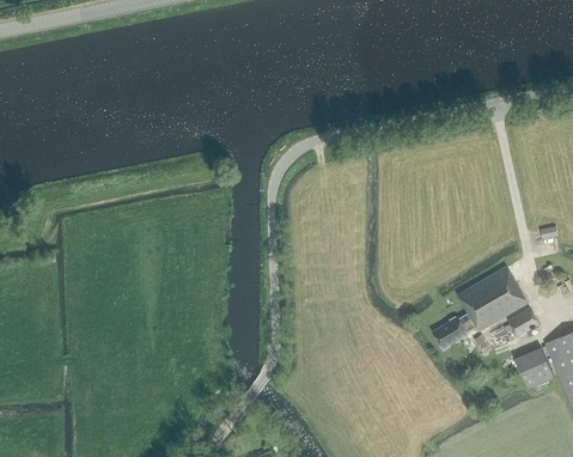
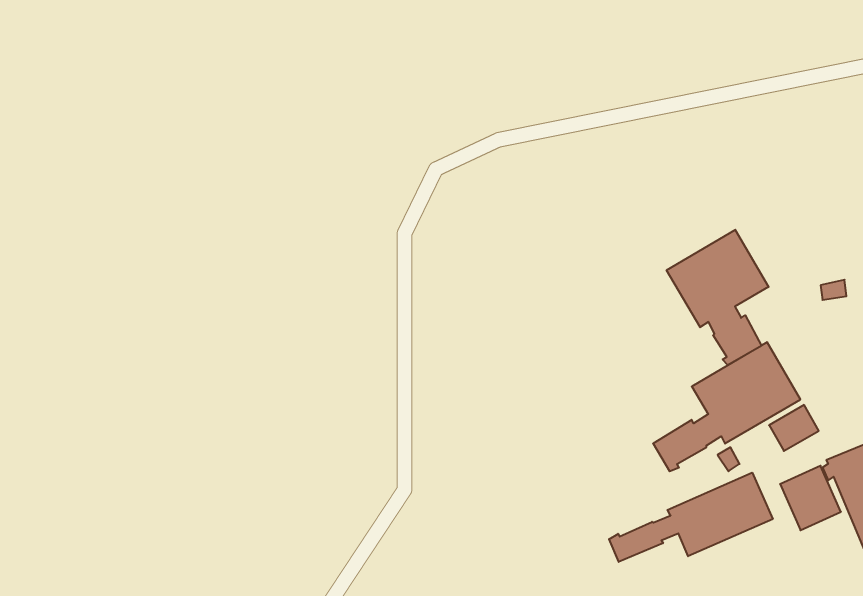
building: none -> [667,230,769,365]
building: none -> [609,473,773,562]

